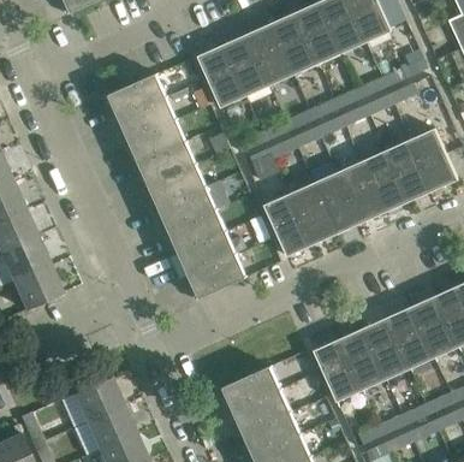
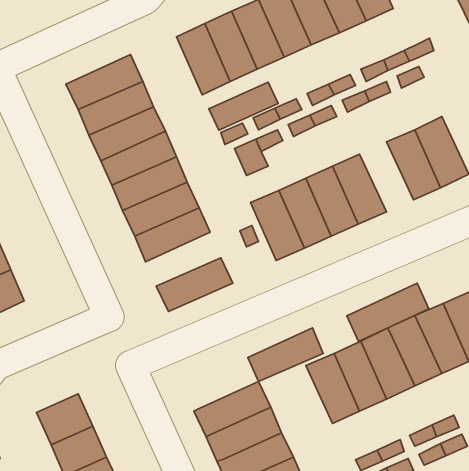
building: none -> [209,82,278,130]
building: [362,150,410,213] -> none
building: [171,231,238,279] -> [248,328,323,382]
building: none -> [347,283,429,341]

